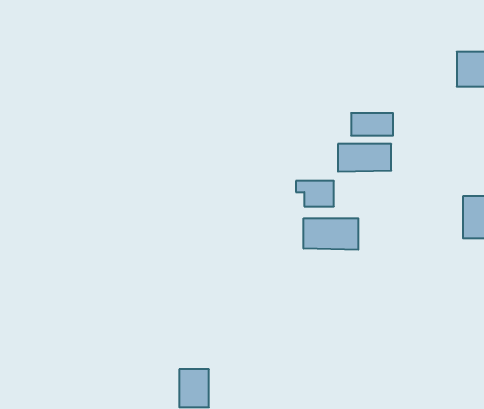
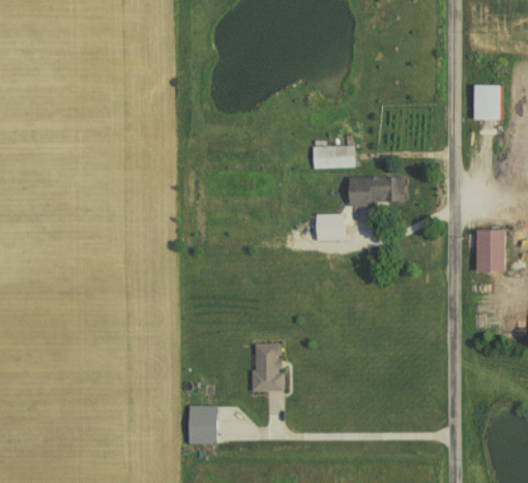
building: [351,113,393,136] -> [310,145,352,168]
building: [304,218,358,250] -> none
building: none -> [253,343,284,390]

